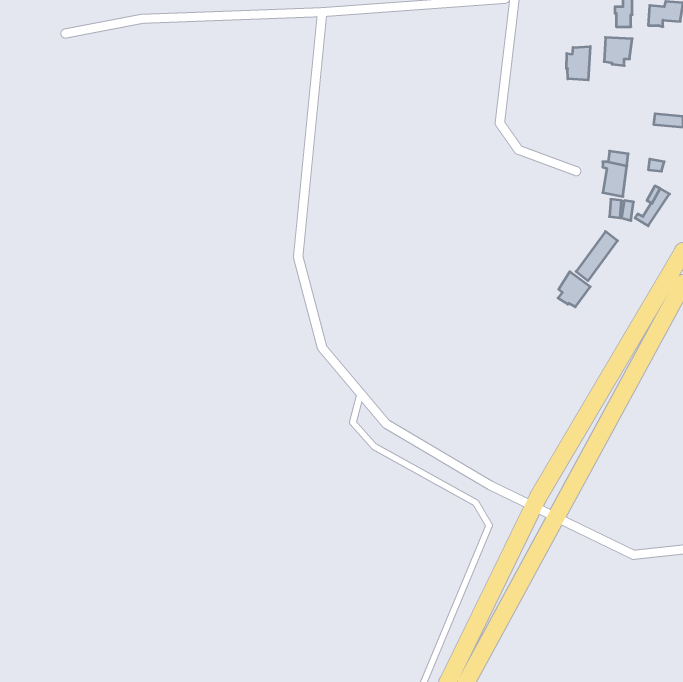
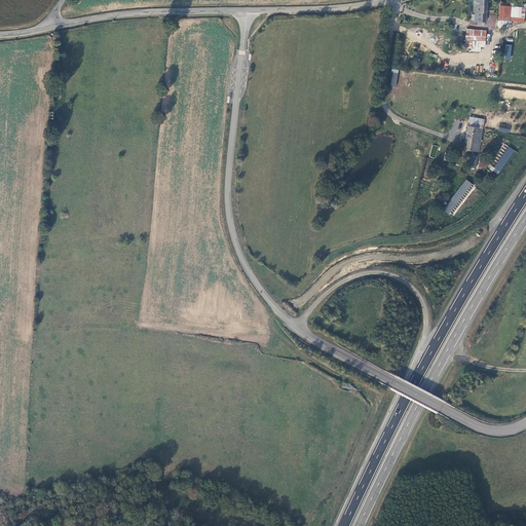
building: [566,46,590,80] -> none
building: [558,272,590,307] -> none

